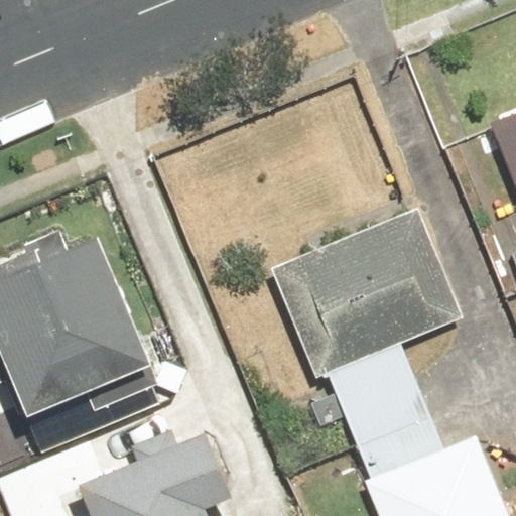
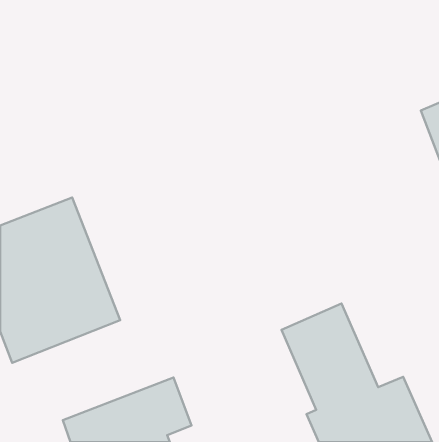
building: [275,211,461,378] -> none

